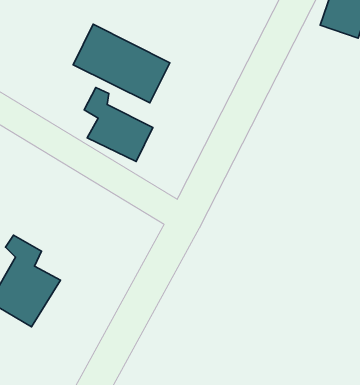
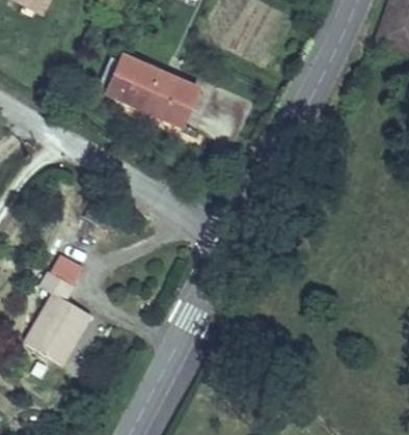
building: [84,88,153,161] -> none

